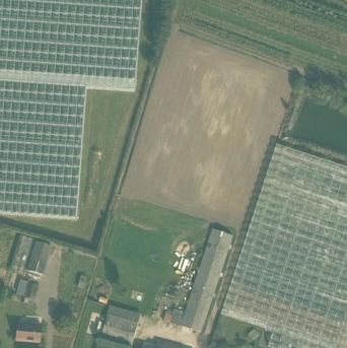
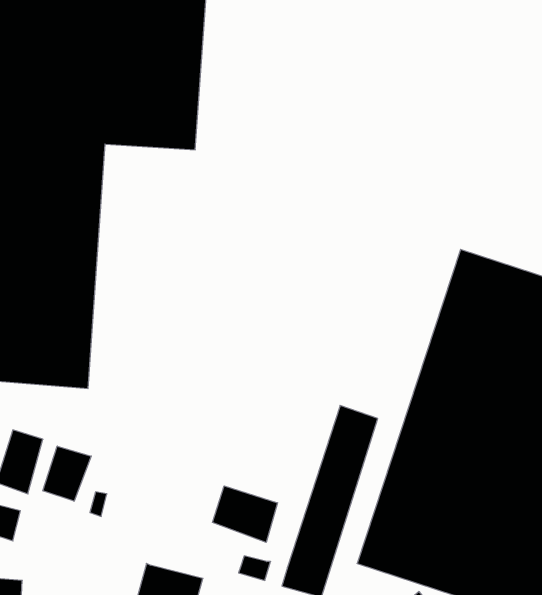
building: none -> [43,446,91,501]
building: none -> [212,486,278,542]

